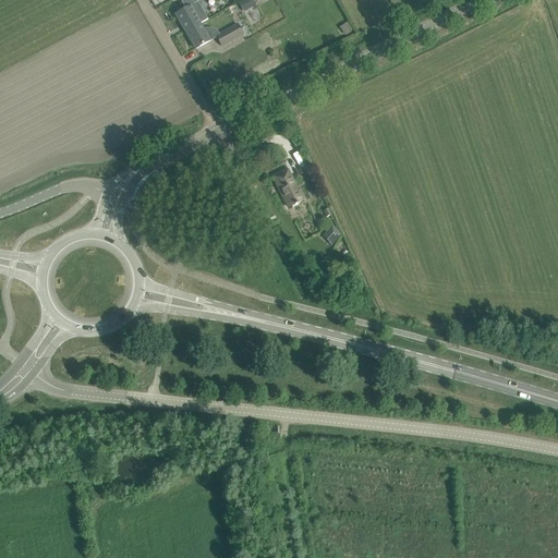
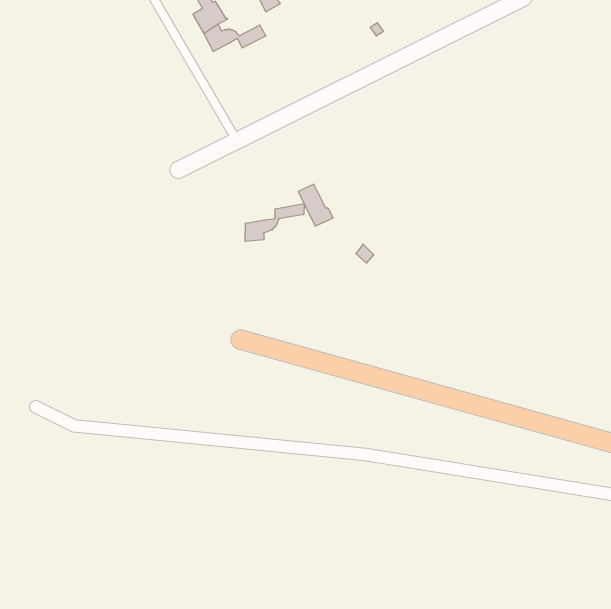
building: none -> [245,203,304,241]

